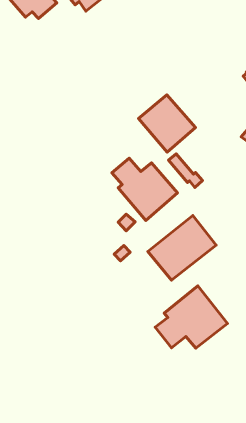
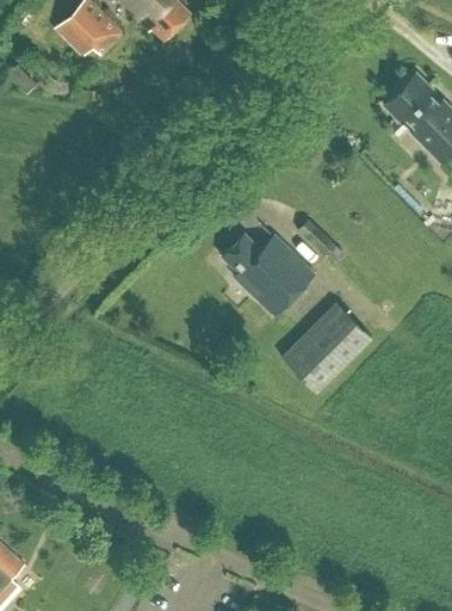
building: [139,95,196,152] -> none
building: [155,286,228,348] -> none

